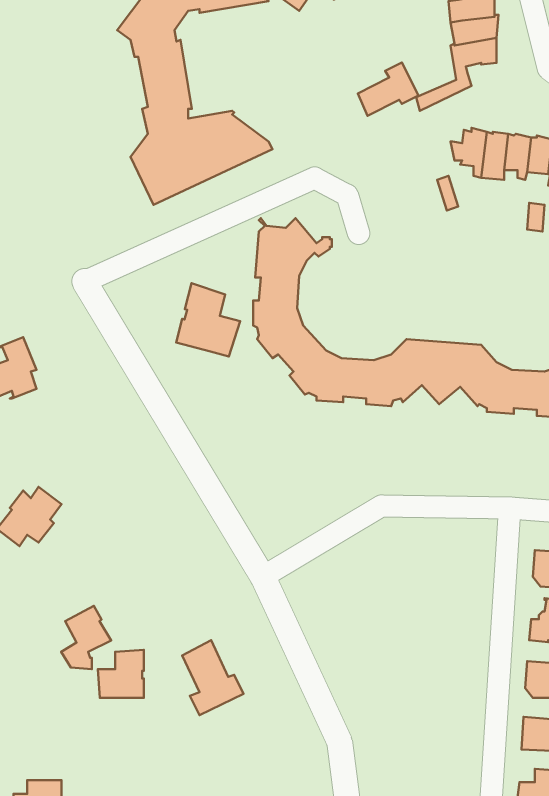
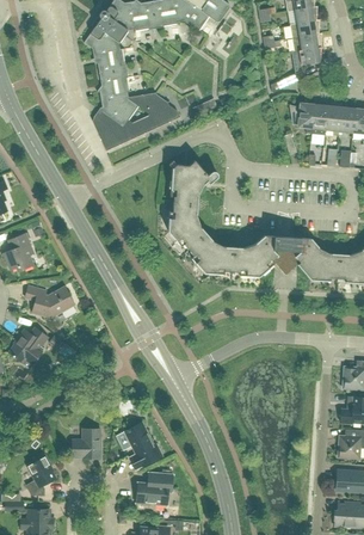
building: [358,63,419,116] -> none
building: [176,283,240,356] -> none
building: none -> [25,285,74,318]
building: [61,606,111,669] -> [25,456,56,496]
building: none -> [137,472,173,505]

